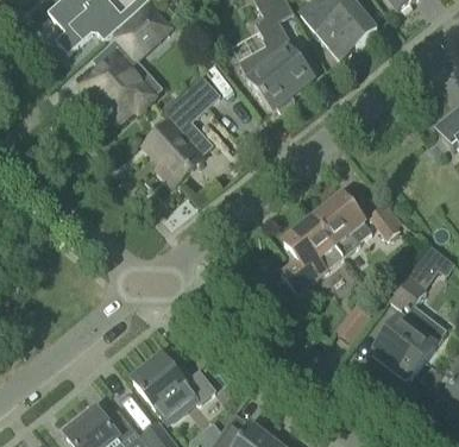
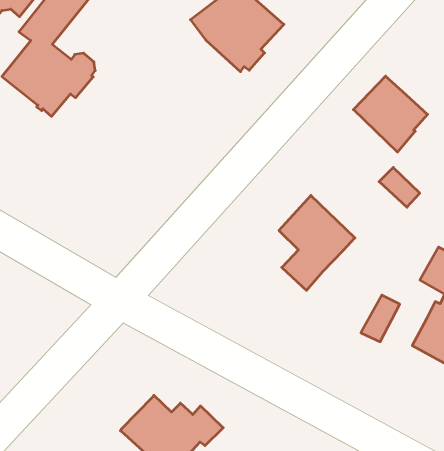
building: [145,73,219,182] -> none
building: [313,194,371,256] -> [353,76,428,152]

